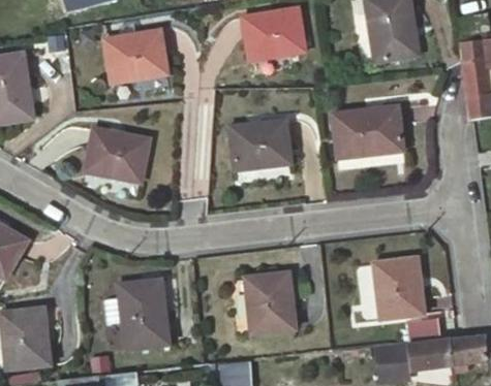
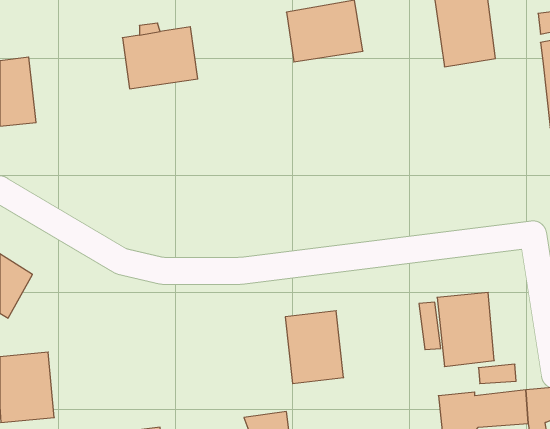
building: [334,108,405,159] -> none
building: [229,119,290,171] -> none
building: [84,128,150,184] -> none
building: [117,285,166,348] -> none

